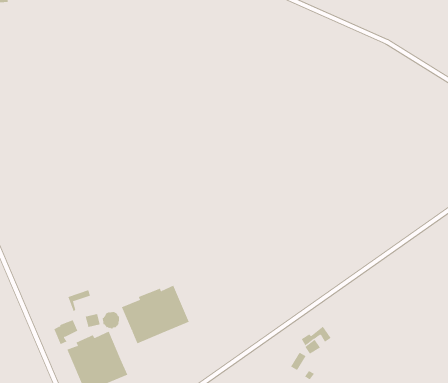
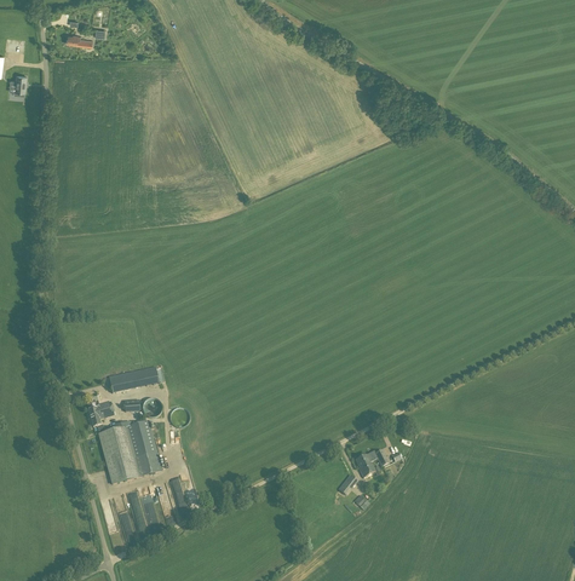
building: [121,285,189,344] -> none

